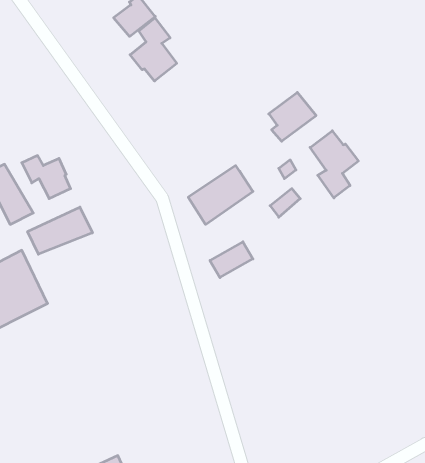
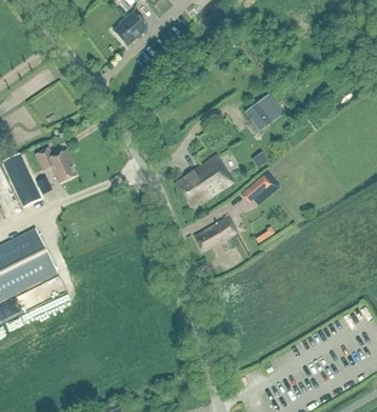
building: [130,18,177,81] -> none
building: [310,131,358,198] -> none
building: [28,207,92,254] -> none

